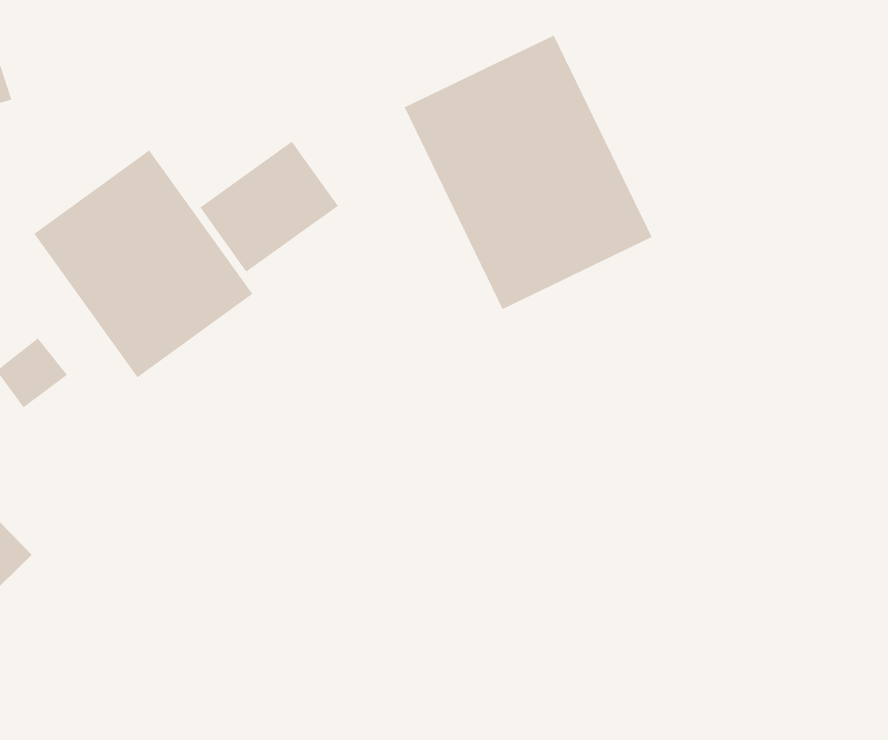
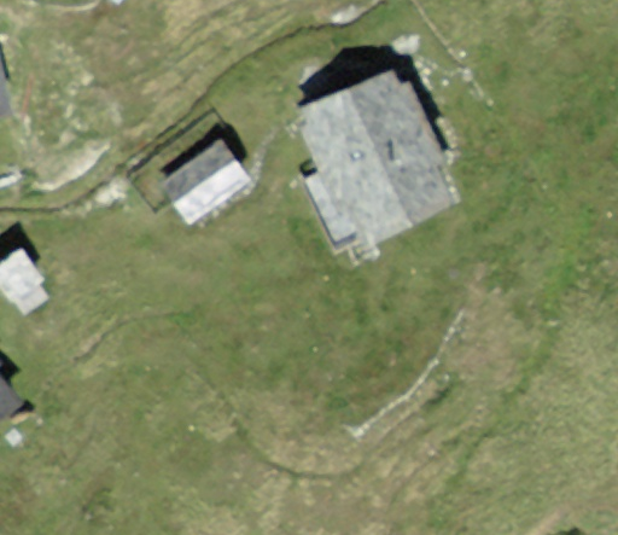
building: [34,150,253,378] -> none

